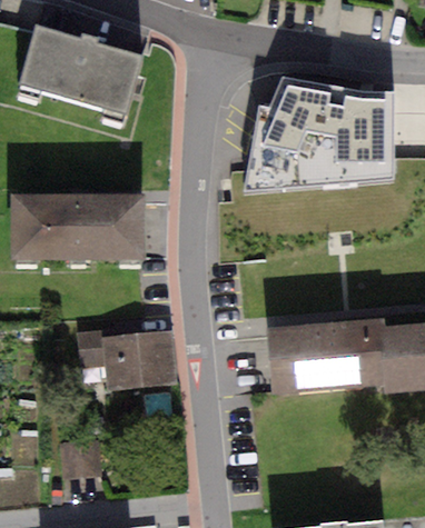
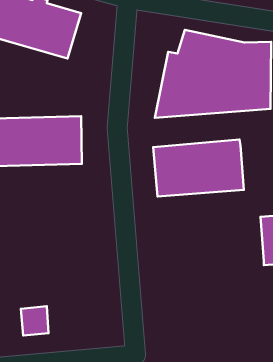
building: [266,317,386,392] -> [153,140,244,196]
building: [77,330,178,390] -> none

